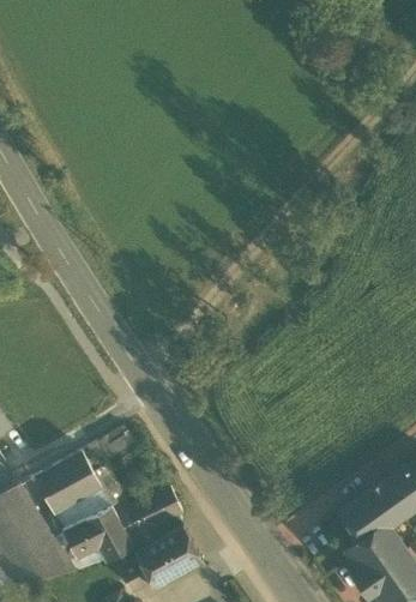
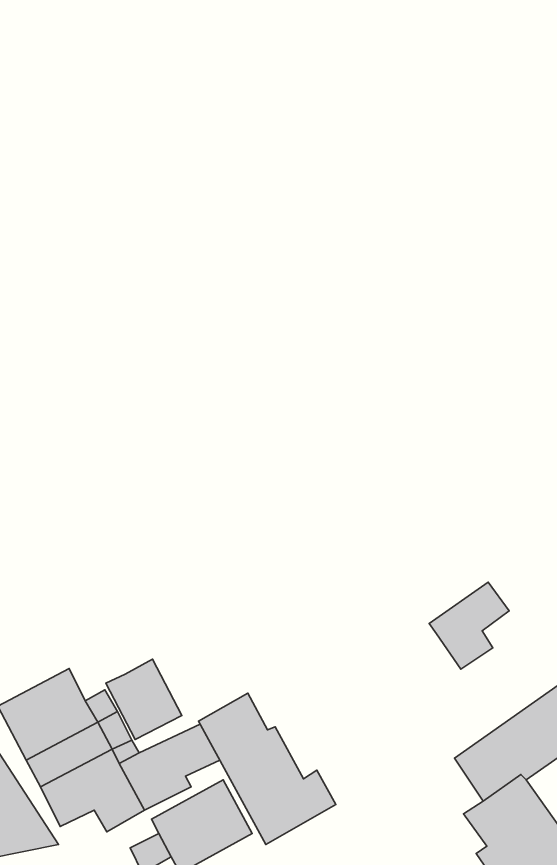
building: none -> [429,582,509,669]
building: none -> [106,659,182,740]
building: none -> [199,693,336,844]

